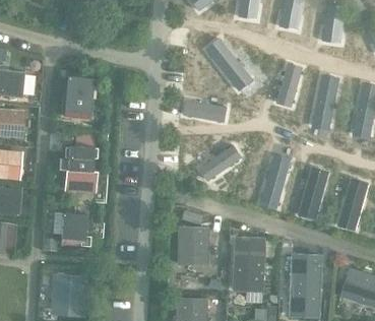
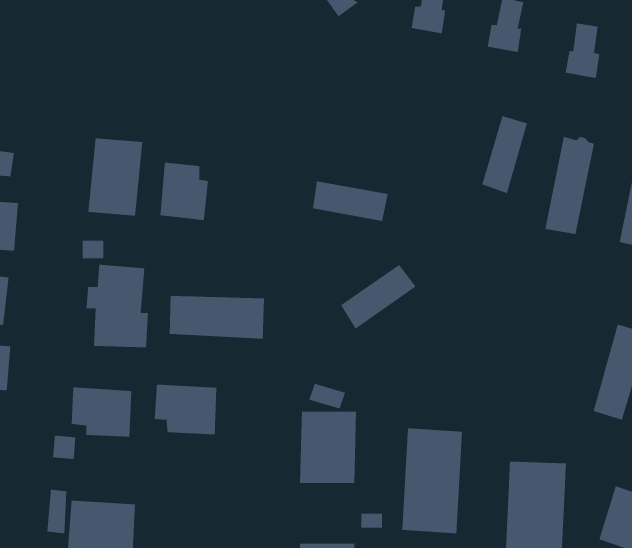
building: [205,39,251,89] -> none
building: none -> [160,162,208,221]
building: [259,155,290,208] -> none
building: none -> [169,295,265,340]
building: [298,168,328,219] -> none
building: none -> [154,384,217,435]

